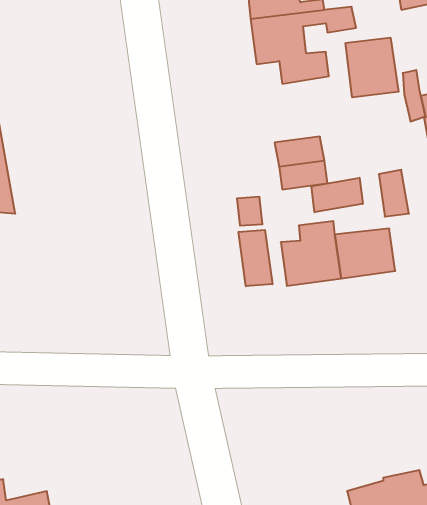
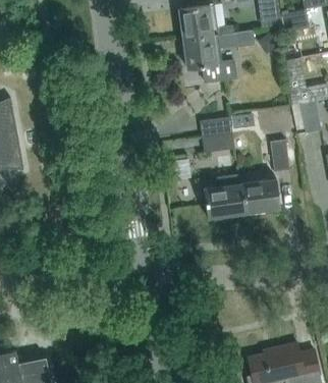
building: [346,38,399,97] -> none
building: [311,178,363,212] -> none
building: [238,230,272,286] -> none

